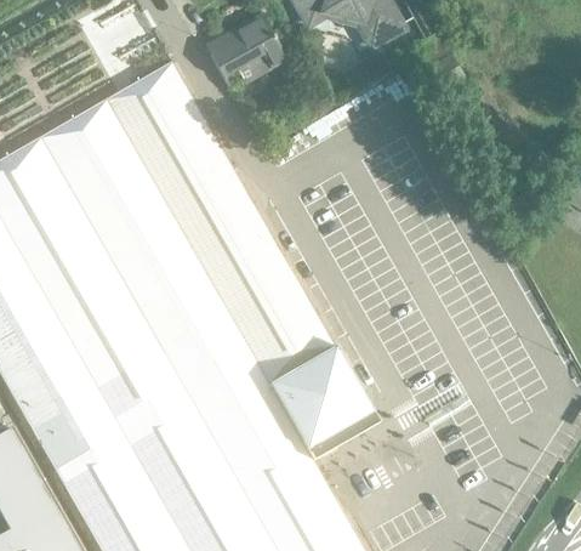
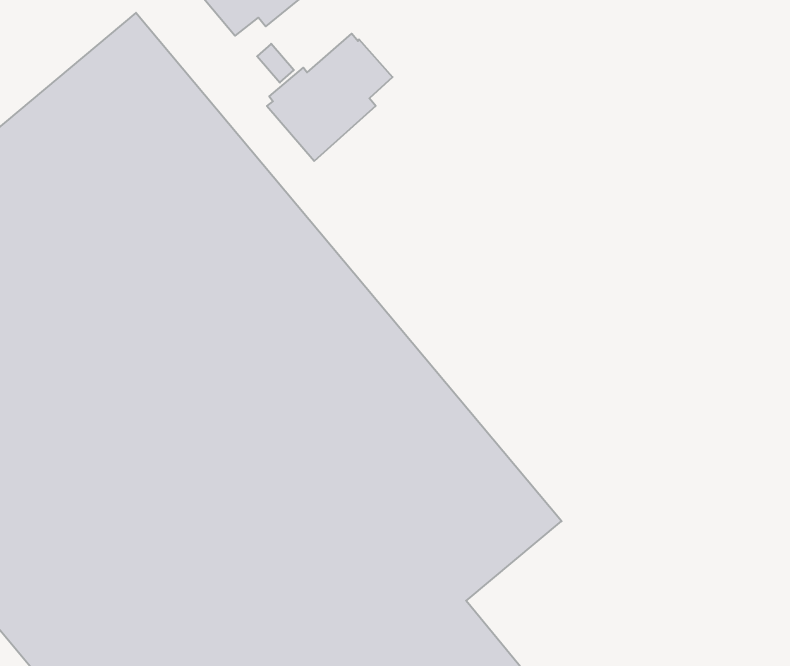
building: none -> [267,34,393,161]

